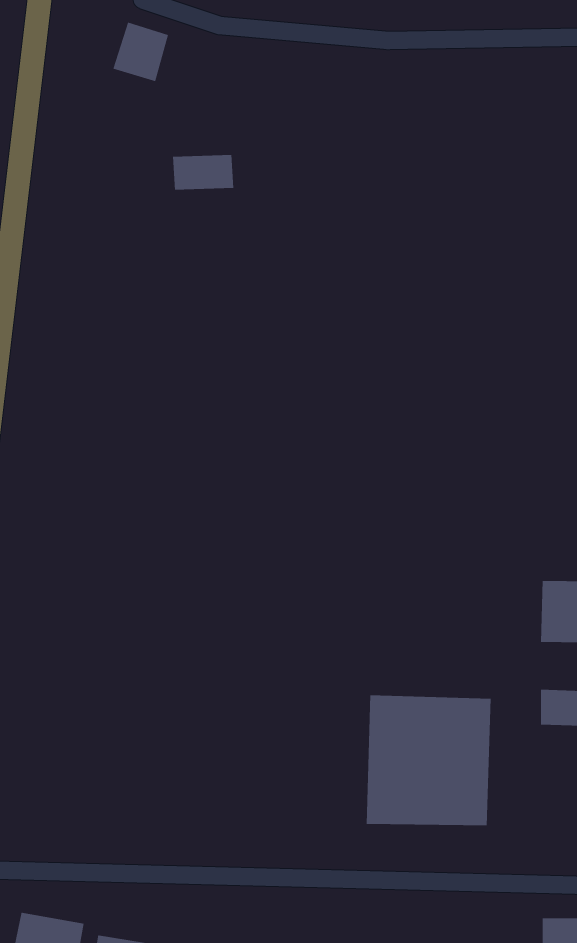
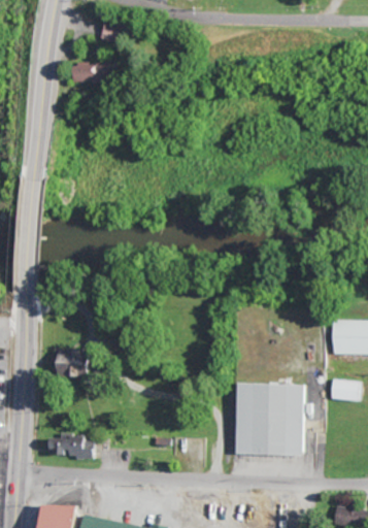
building: [172,155,234,190] -> [71,64,105,84]
building: none -> [52,350,93,376]
building: none -> [46,436,93,457]

